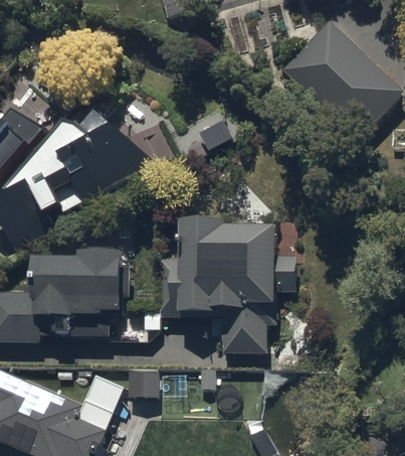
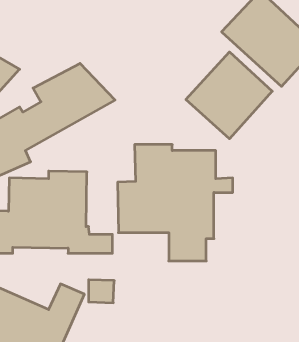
building: none -> [186,52,272,139]

